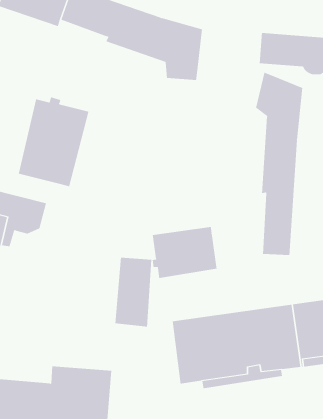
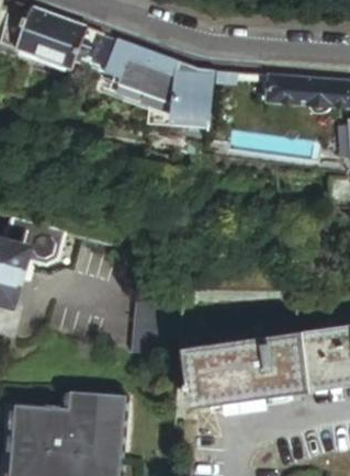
building: [256,72,303,256] -> none
building: [18,96,89,187] -> none
building: [152,226,217,279] -> none

